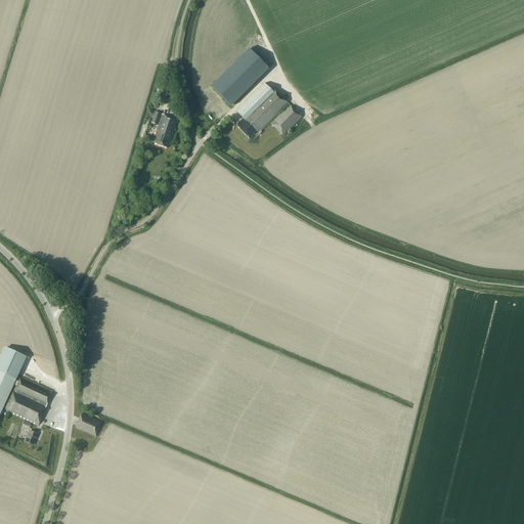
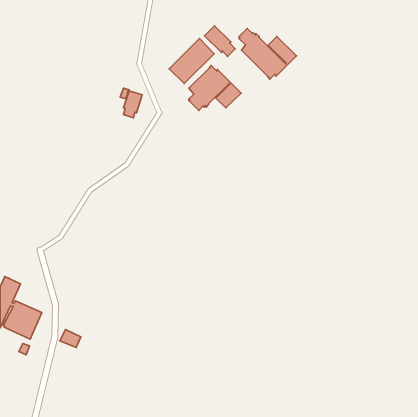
building: none -> [204,26,235,56]
building: none -> [239,28,297,79]

